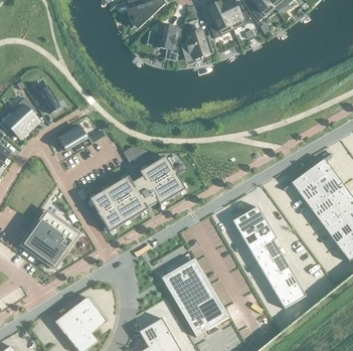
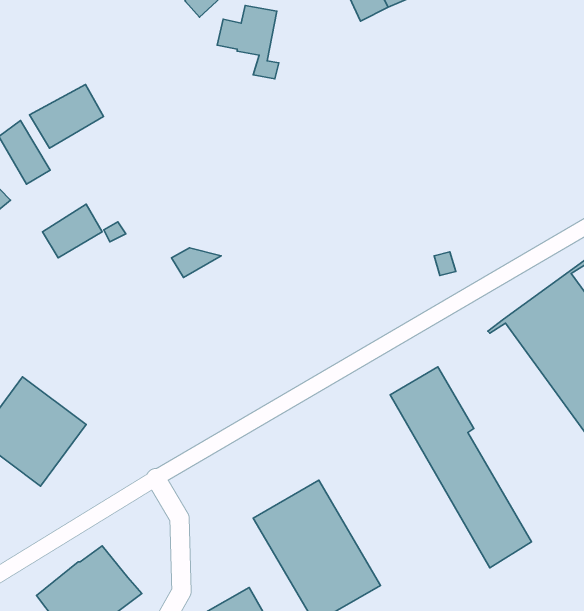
building: [186,27,214,58] -> none
building: none -> [29,84,103,148]
building: [90,156,185,232] -> none

